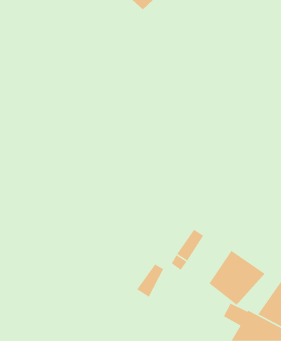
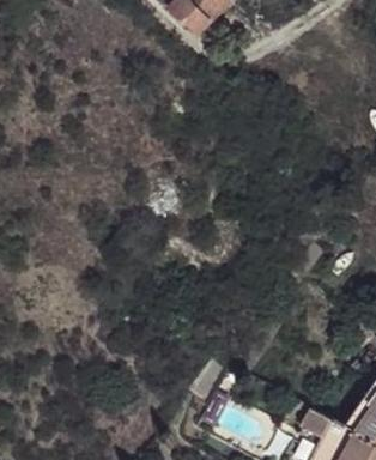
building: [208,250,265,306] -> none

